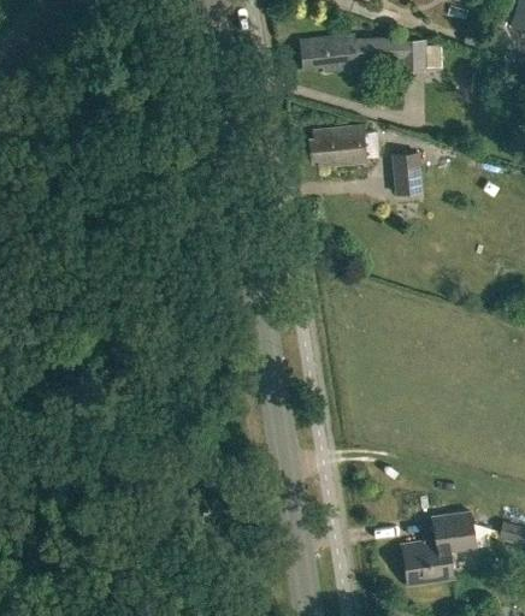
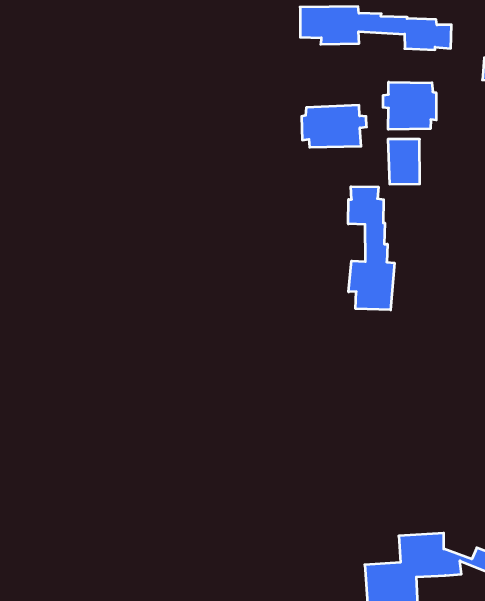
building: none -> [383,82,436,129]
building: none -> [348,187,394,310]

